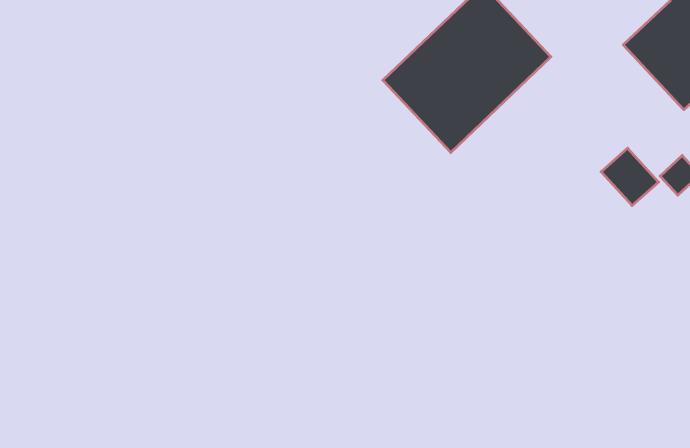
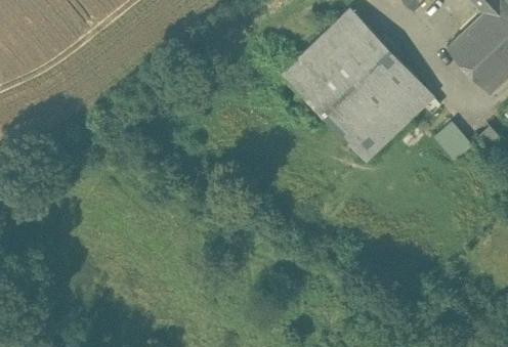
building: none -> [328,57,434,163]

